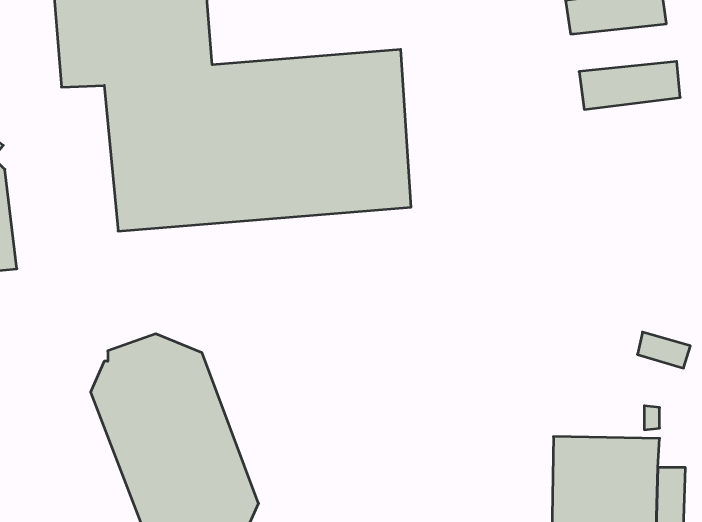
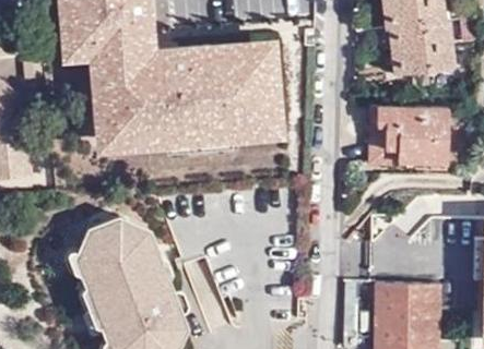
building: none -> [387,22,452,52]
building: none -> [368,107,448,167]

